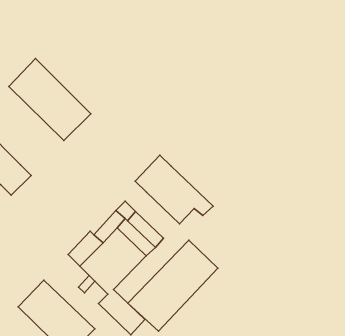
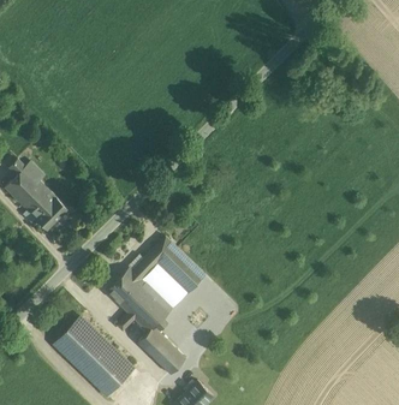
building: [9,58,91,140] -> none
building: [135,155,213,224] -> none
building: [128,240,218,331] -> none

